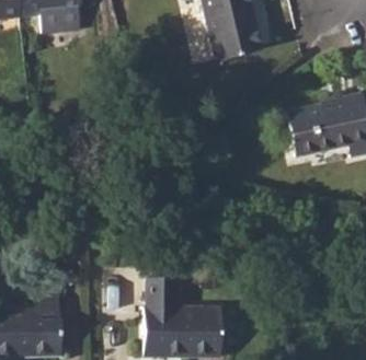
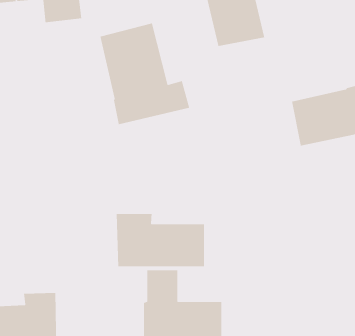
building: none -> [100,23,190,125]
building: none -> [116,213,205,267]

